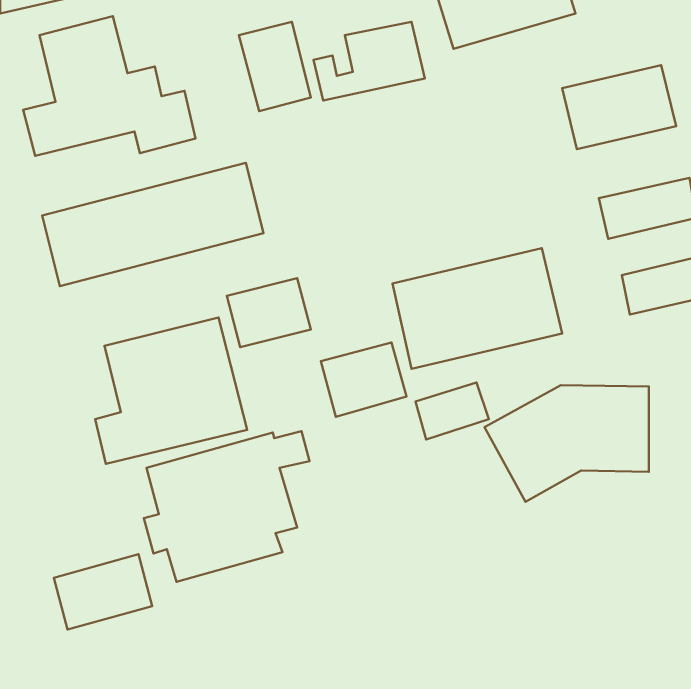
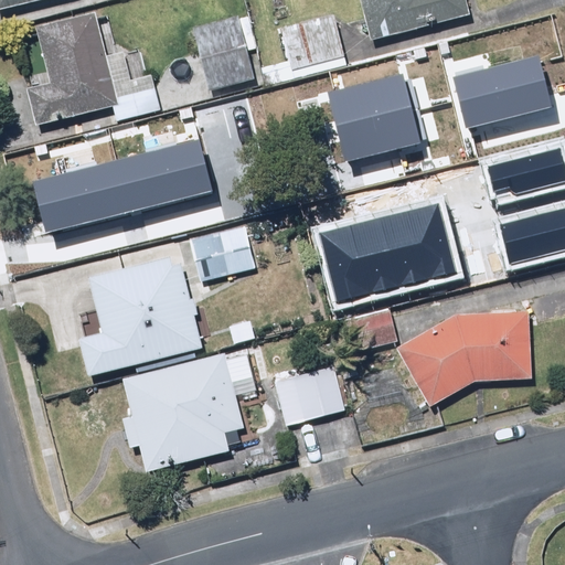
building: none -> [329,71,425,158]
building: [321,342,406,417] -> [274,365,343,426]
building: [54,554,152,630] -> none

